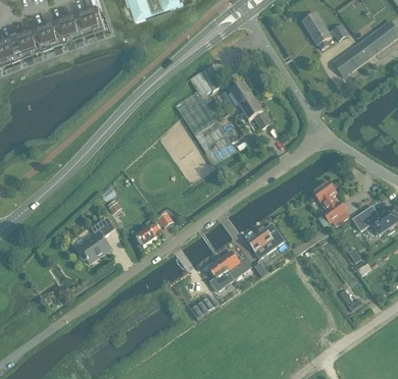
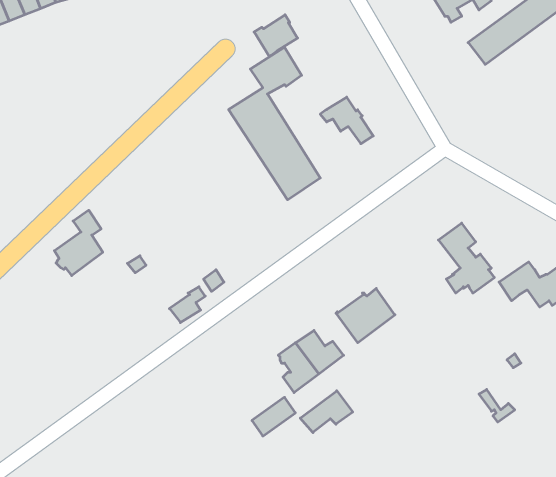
building: [223,83,252,110] -> [254,15,298,57]
building: [79,221,110,264] -> [54,210,103,276]
building: none -> [300,391,353,433]

